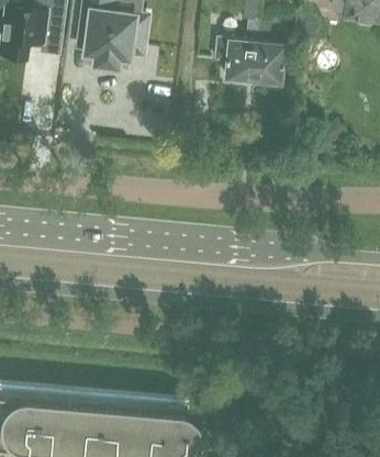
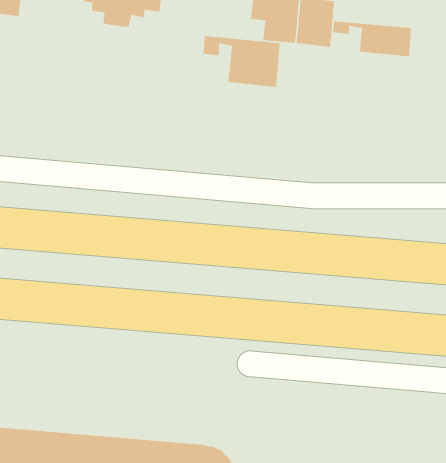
building: none -> [332,20,412,57]
building: none -> [202,35,281,88]

